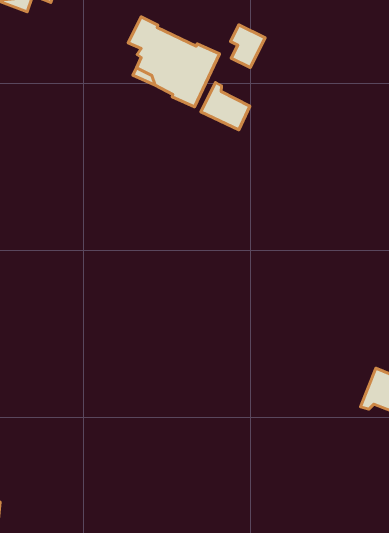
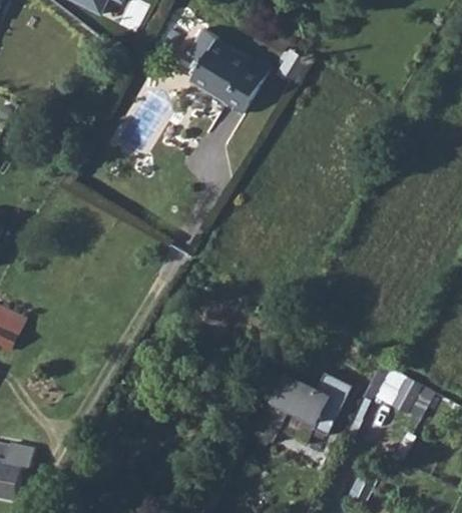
building: [201,82,250,130] -> none
building: none -> [266,372,351,436]

